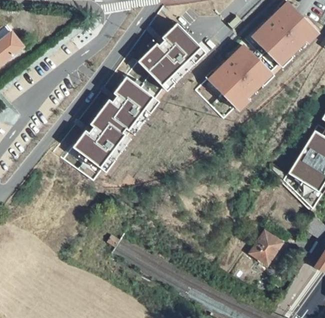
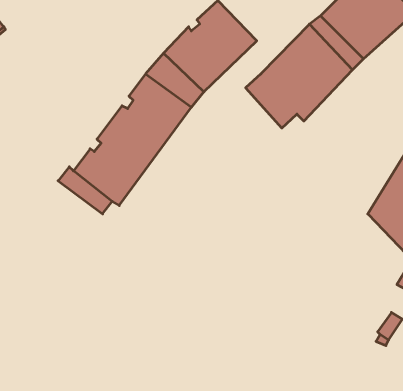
building: [250,231,282,264] -> none

